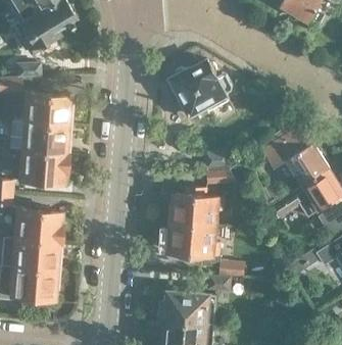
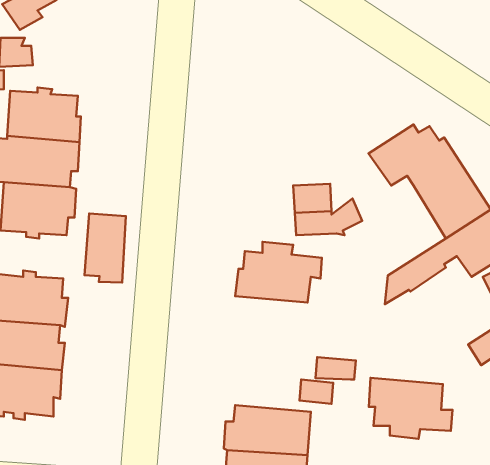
building: [164,61,233,119] -> none
building: none -> [85,214,126,283]
building: [167,224,221,262] -> [369,378,452,439]

